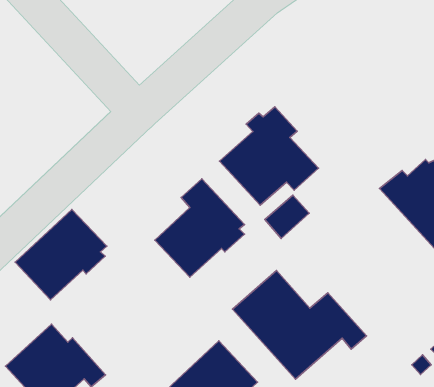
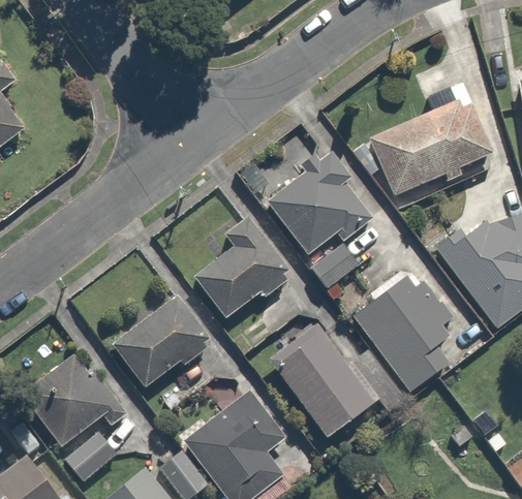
building: none -> [368,100,494,196]
building: [15,210,107,300] -> [112,294,210,387]
building: none -> [354,277,455,392]

